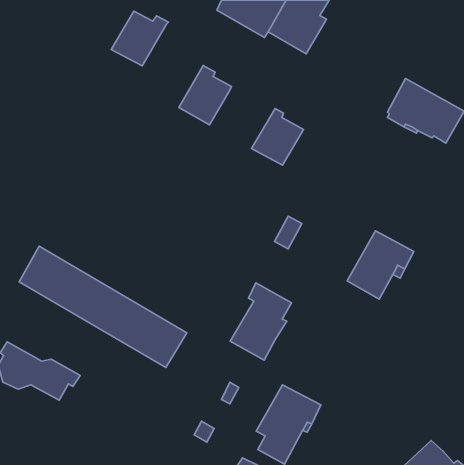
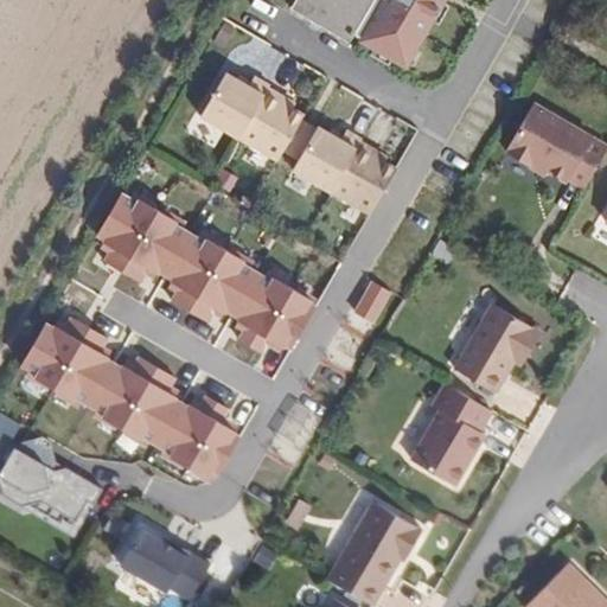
building: [111,11,168,66] -> [192,70,267,141]
building: none -> [277,119,359,194]
building: none -> [98,191,318,347]
building: [230,283,291,360] -> [408,382,487,483]
building: none -> [114,516,213,598]

